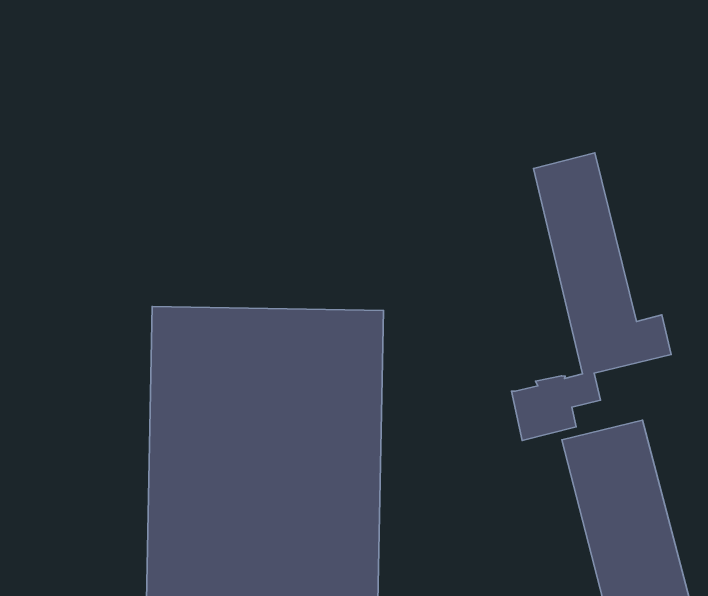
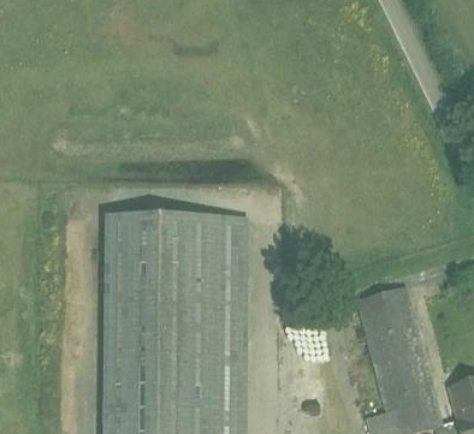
building: [512,153,671,441] -> none

